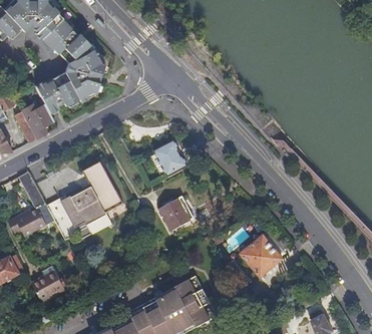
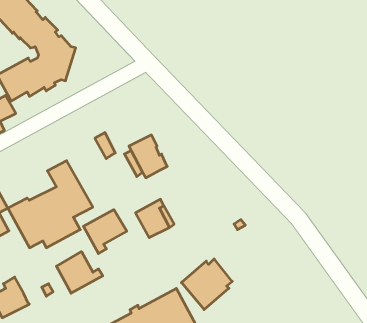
building: none -> [83,210,127,254]
building: [241,232,286,277] -> [181,259,232,310]
building: none -> [56,252,103,293]

